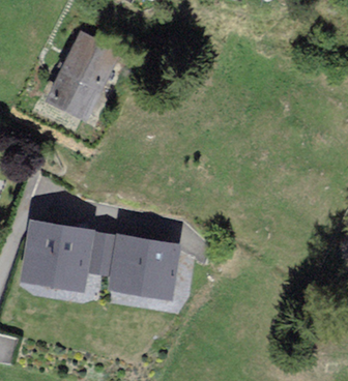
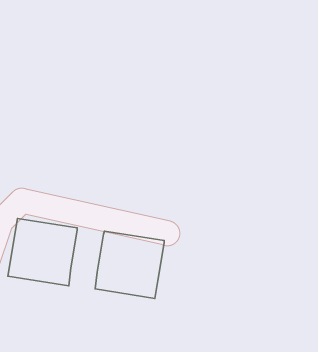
building: [49,38,116,118] -> none
building: [85,233,117,274] -> none

